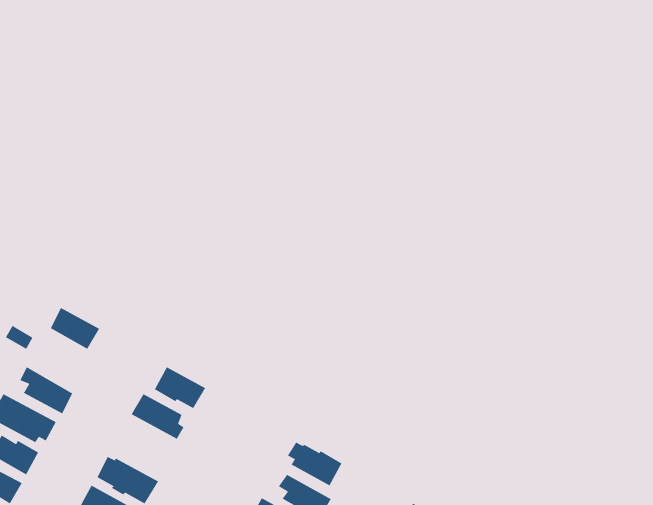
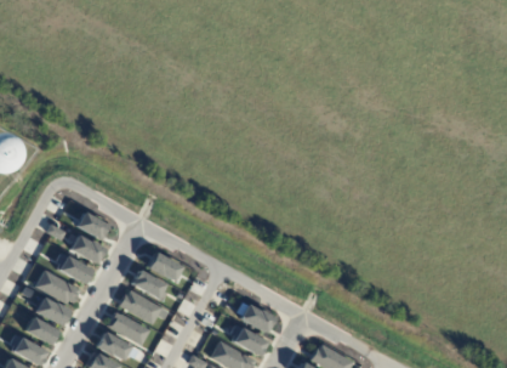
building: none -> [69,234,106,264]
building: none -> [119,290,161,324]

